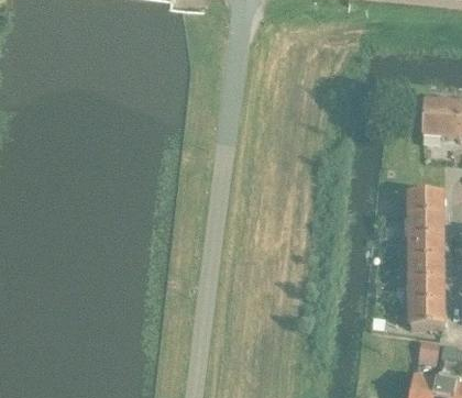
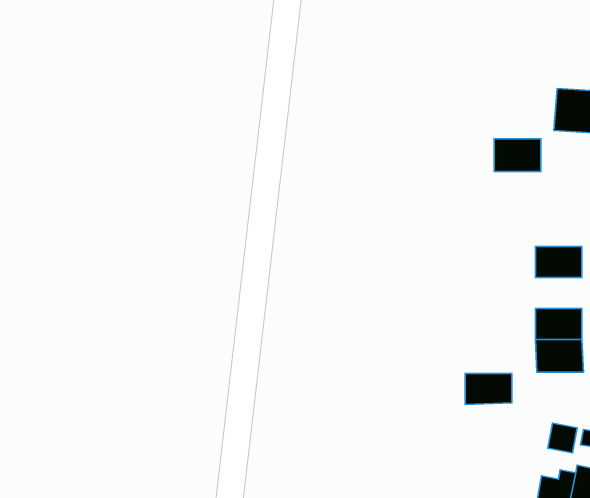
building: [409,191,442,214] -> [494,139,541,171]
building: [409,236,442,258] -> none
building: [410,303,443,325] -> [465,374,512,405]

